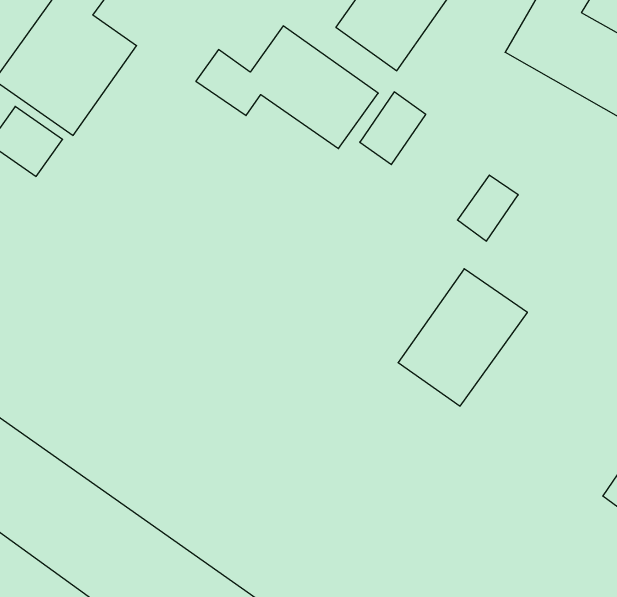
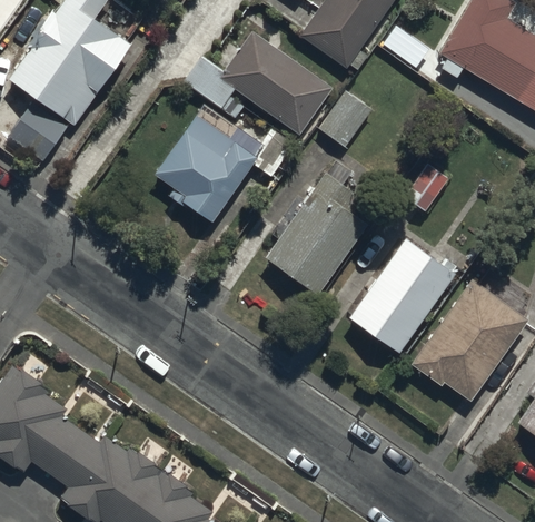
building: none -> [152,120,258,226]
building: none -> [261,173,367,297]
building: none -> [413,277,528,401]

